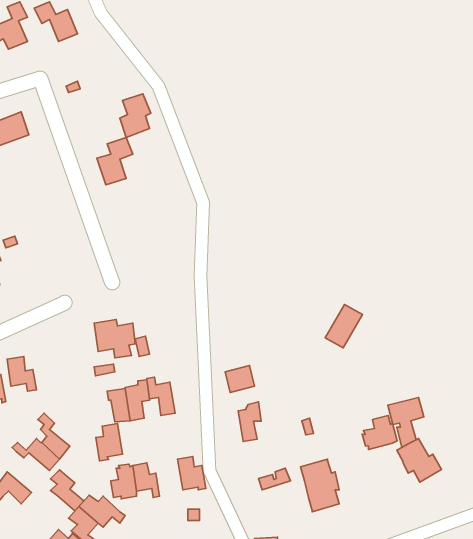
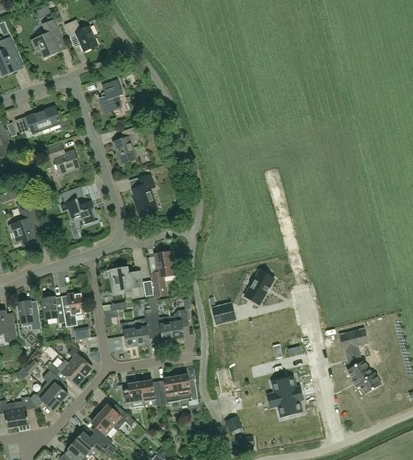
building: [120,94,151,138] -> [98,79,122,113]
building: none -> [46,143,79,171]
building: none -> [131,173,156,215]
building: none -> [59,192,94,224]
building: none -> [152,251,175,297]
building: [325,304,362,348] -> [244,270,273,304]
building: none -> [63,292,83,327]
building: [238,402,261,442] -> [169,309,187,340]
building: [362,416,397,449] -> none
building: [96,424,123,461] -> [158,376,179,405]
building: [51,470,84,511] -> [42,370,68,402]

